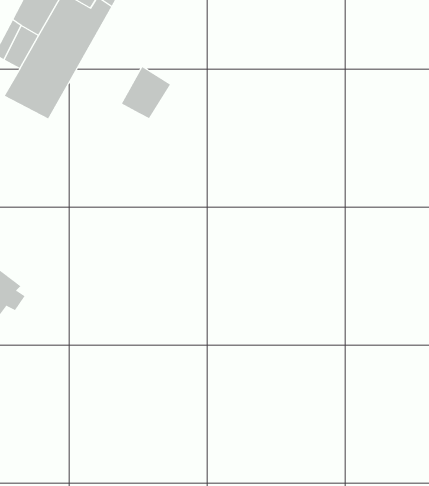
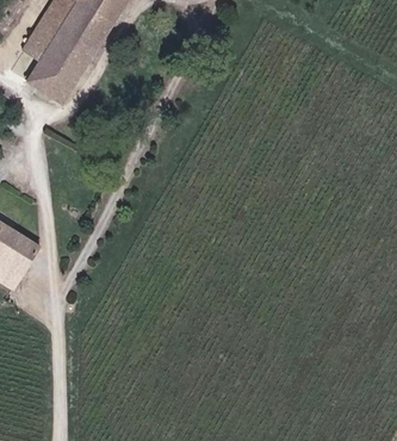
building: [121,66,171,119] -> none

